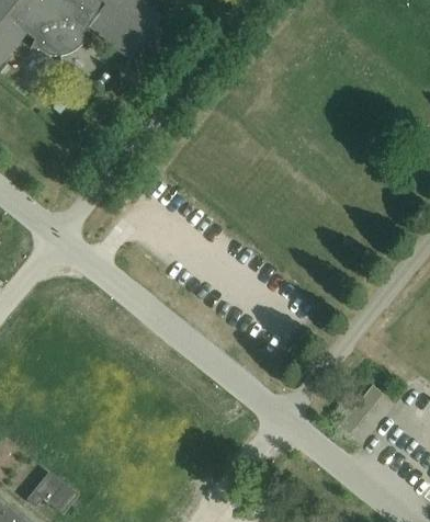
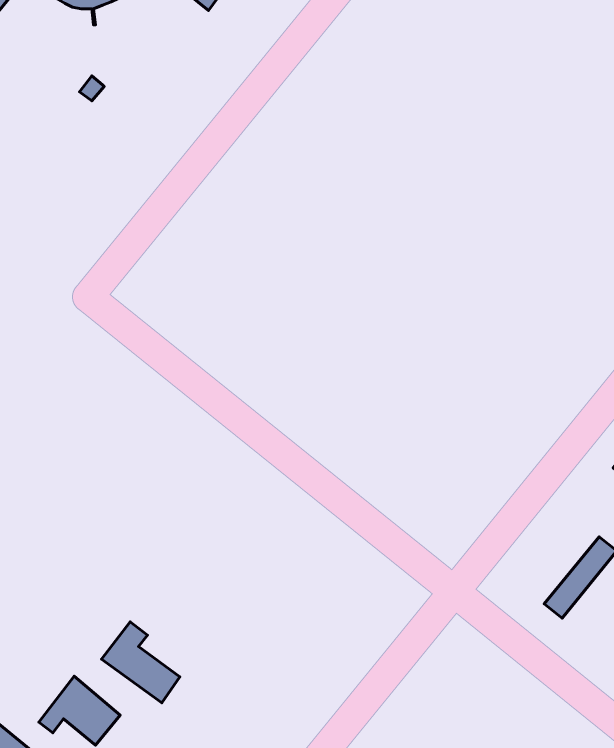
building: none -> [102,622,180,703]

